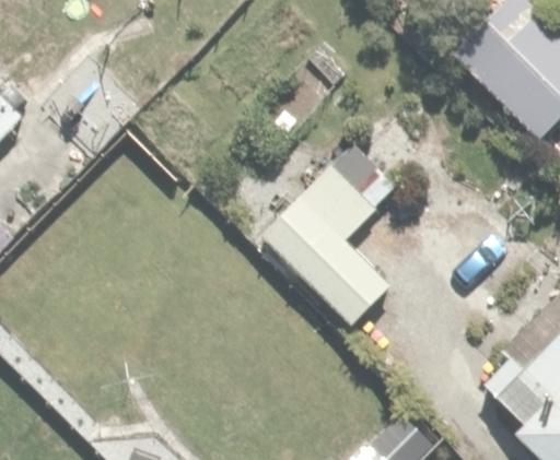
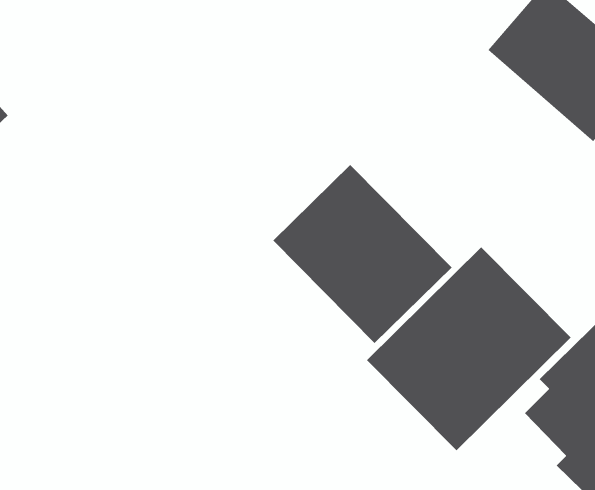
building: none -> [366,247,572,451]

